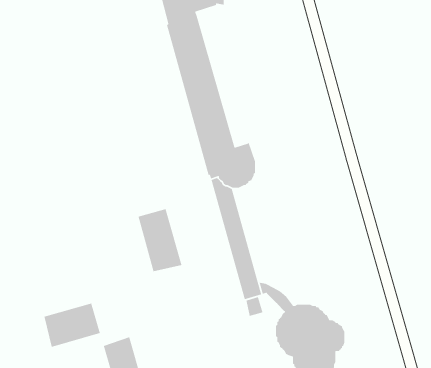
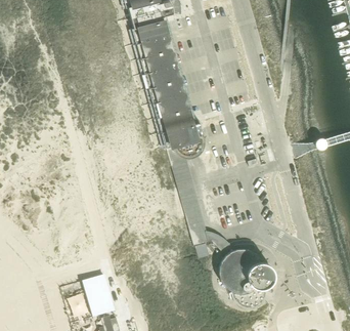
building: [137,208,182,272] -> none
building: [43,303,101,348] -> none

